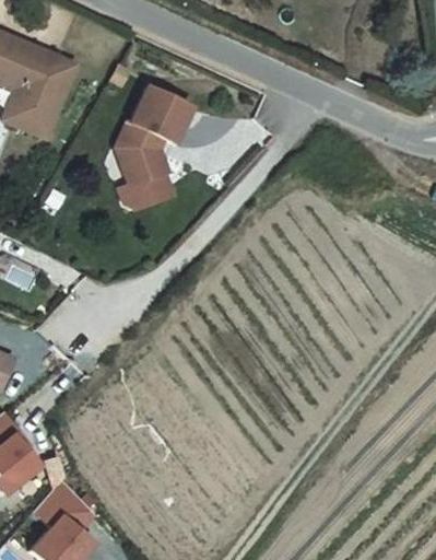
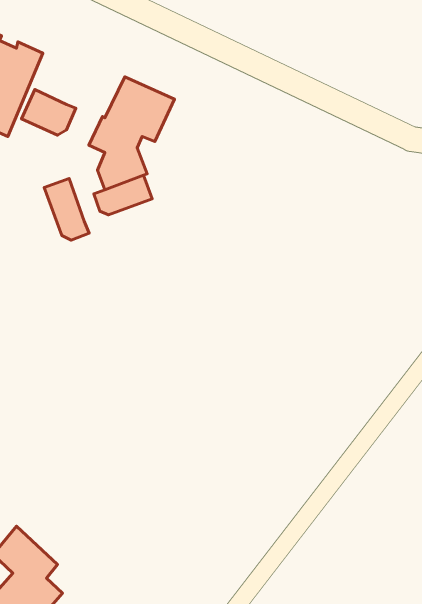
building: none -> [22,89,76,135]
building: none -> [44,178,89,240]

